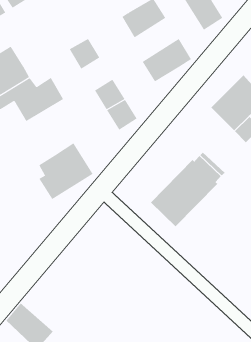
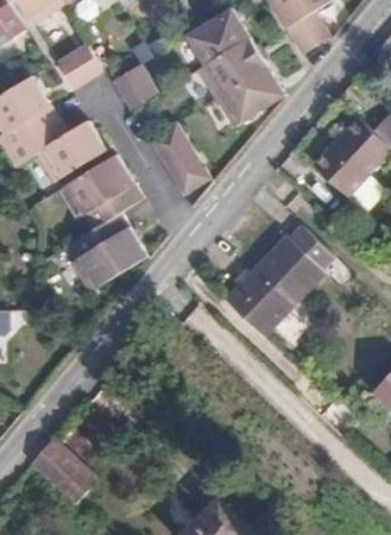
building: none -> [197,36,267,97]
building: none -> [57,43,102,88]
building: none -> [57,153,143,228]

